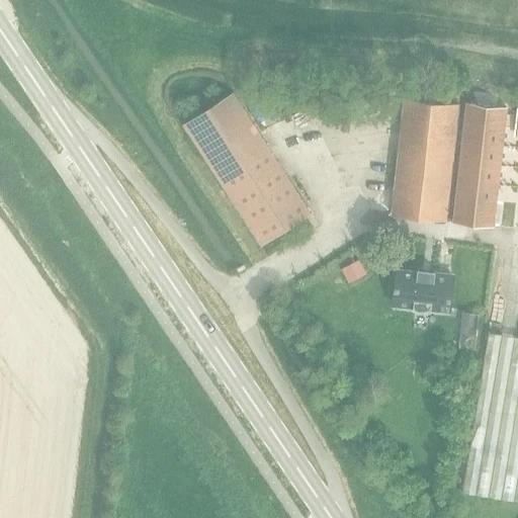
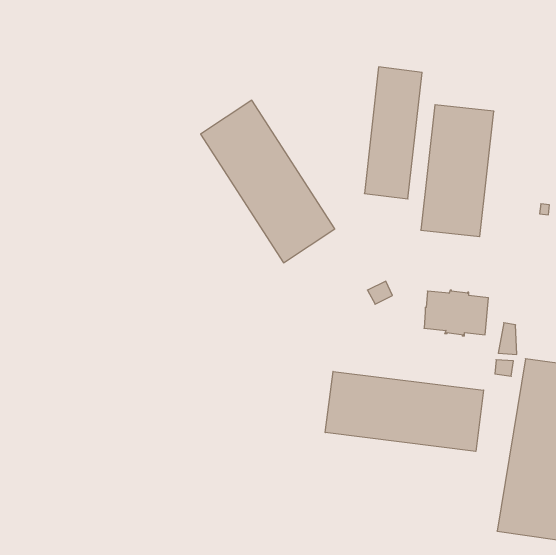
building: [453,105,507,228] -> [364,67,422,199]
building: none -> [325,371,484,451]

